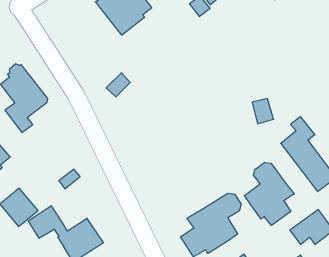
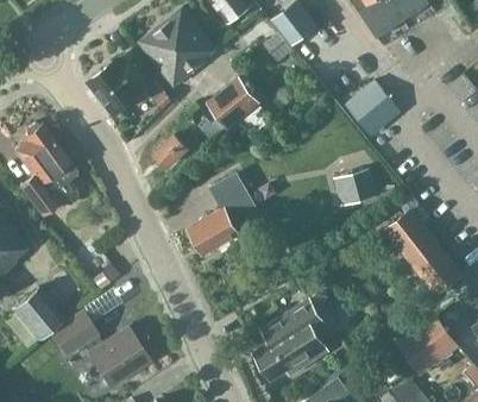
building: none -> [87,51,170,114]
building: none -> [199,77,269,143]
building: none -> [345,81,402,138]
building: none -> [188,177,265,256]
building: [245,162,294,225] -> none

